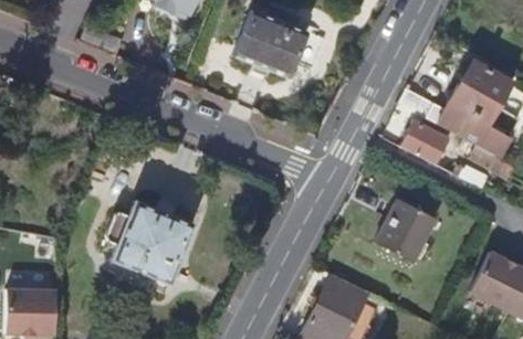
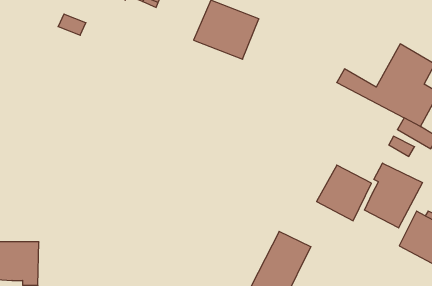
building: [401,120,449,165] -> none
building: none -> [365,163,422,228]
building: [104,199,195,282] -> none

